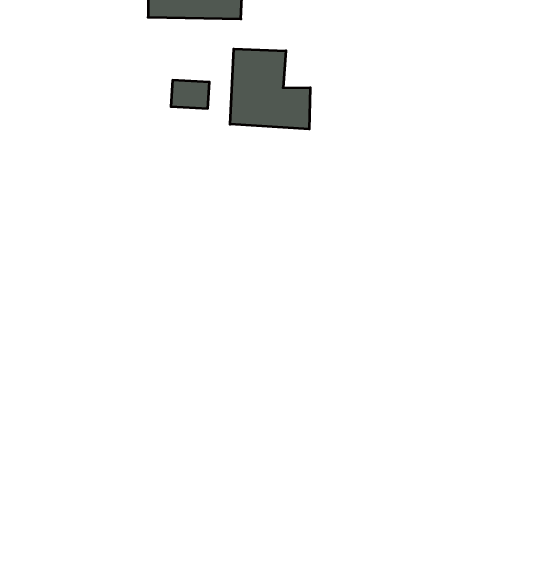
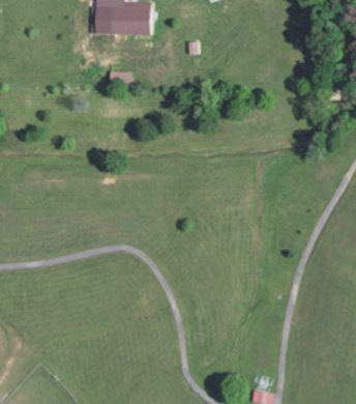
building: [230,49,310,129] -> none

